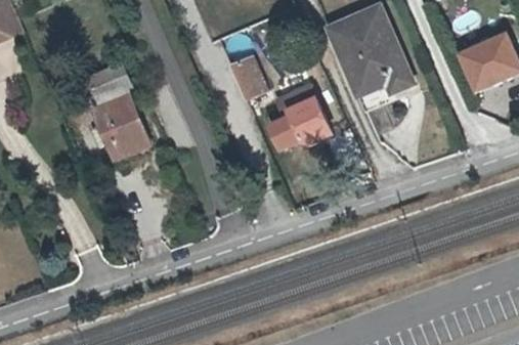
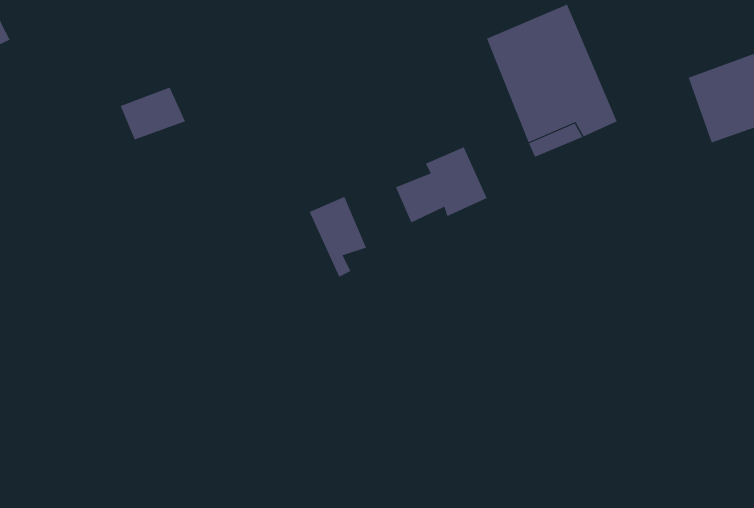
building: [228,56,266,110] -> [309,196,367,277]
building: [90,93,149,159] -> none

